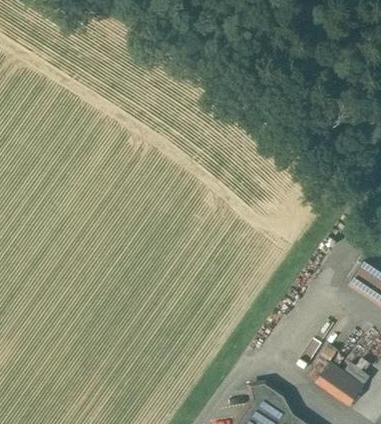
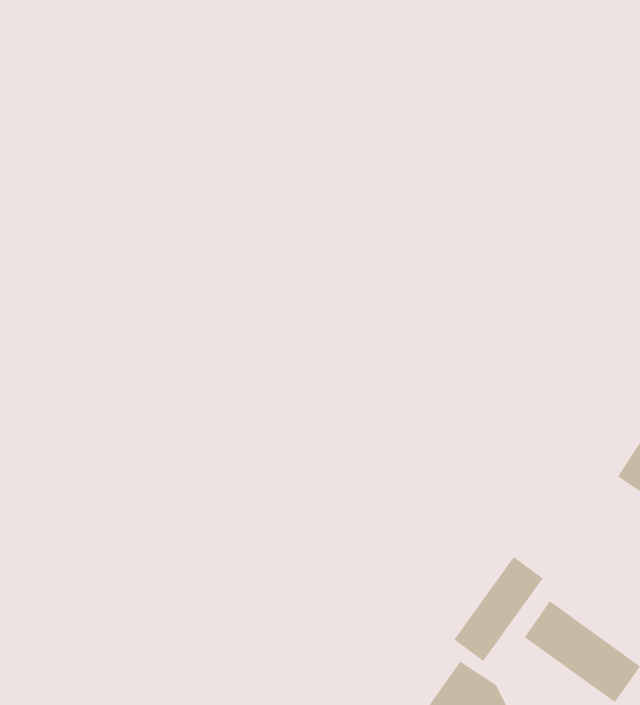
building: none -> [454,556,543,662]

